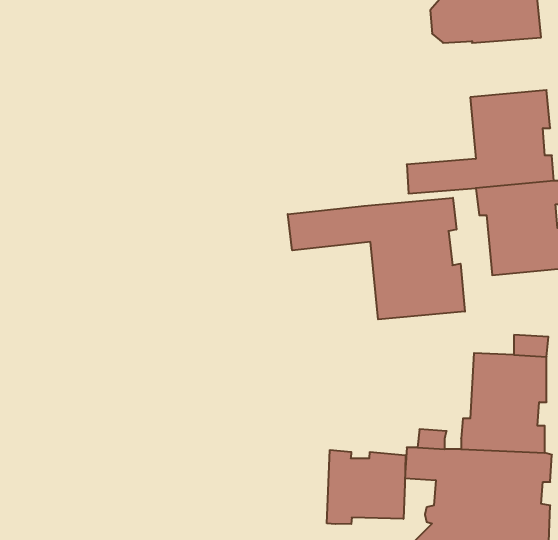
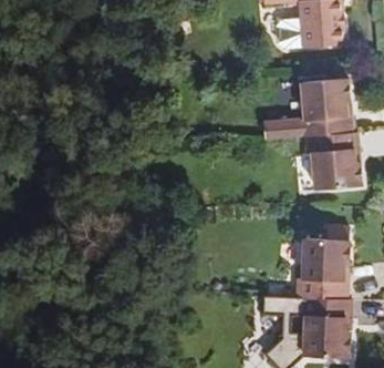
building: [288,198,465,319] -> none
building: [327,450,406,524] -> none

